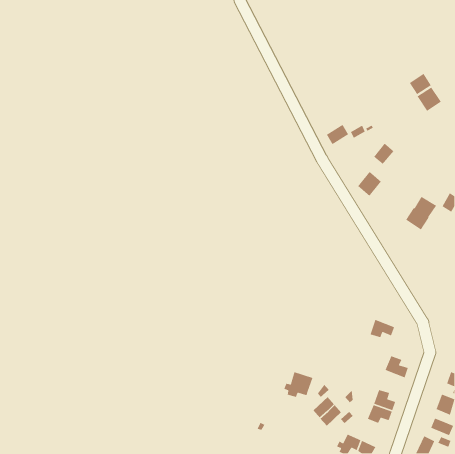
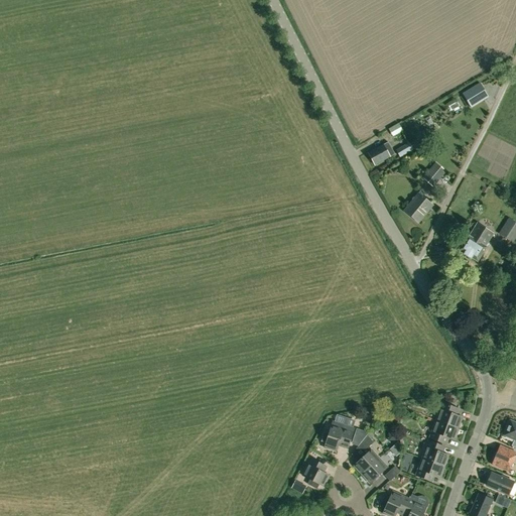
building: [417,87,442,112] -> none
building: [369,319,395,338] -> [429,419,459,441]
building: none -> [302,458,329,488]

